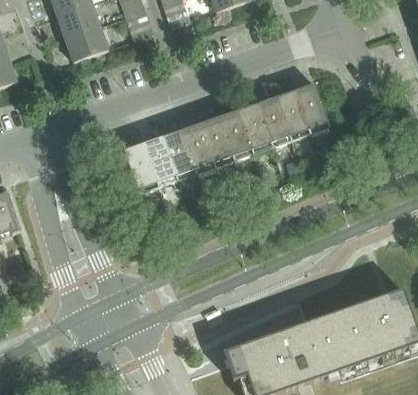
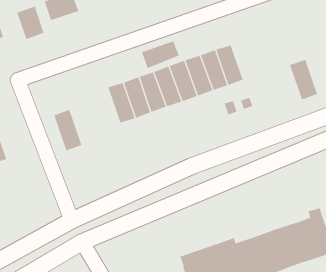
building: none -> [17,6,44,40]
building: [294,81,329,131] -> [289,59,318,100]
building: none -> [141,40,180,69]
building: [123,140,158,191] -> [54,109,82,151]

